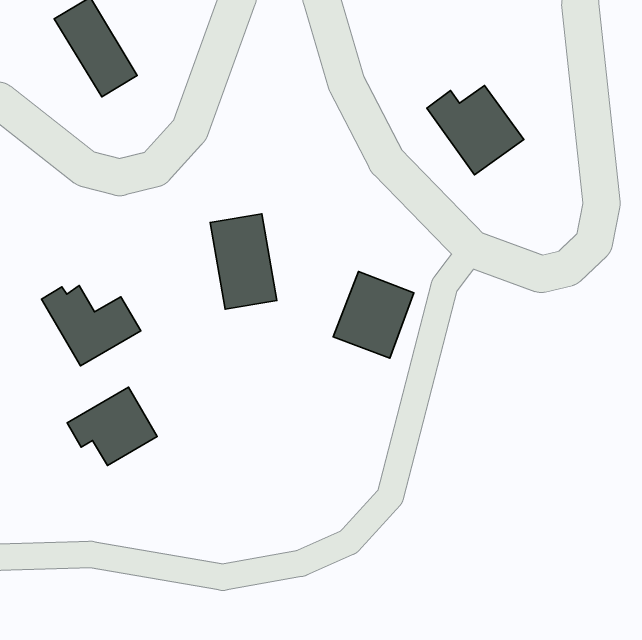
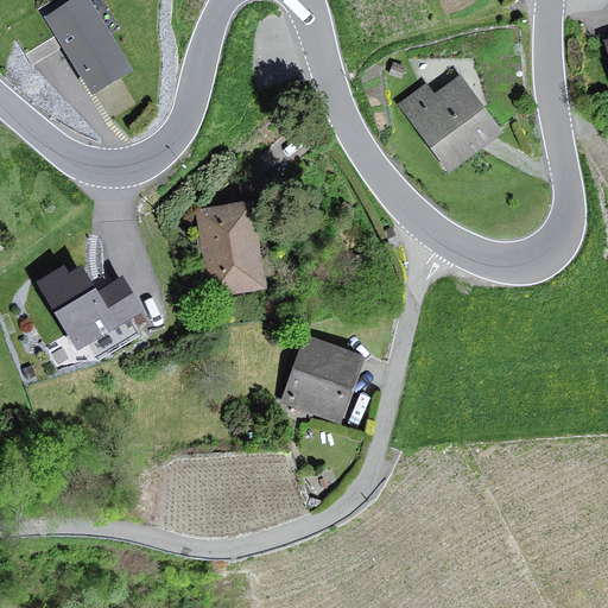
building: [333,272,414,358] -> [283,336,359,418]
building: [67,387,157,465] -> none

